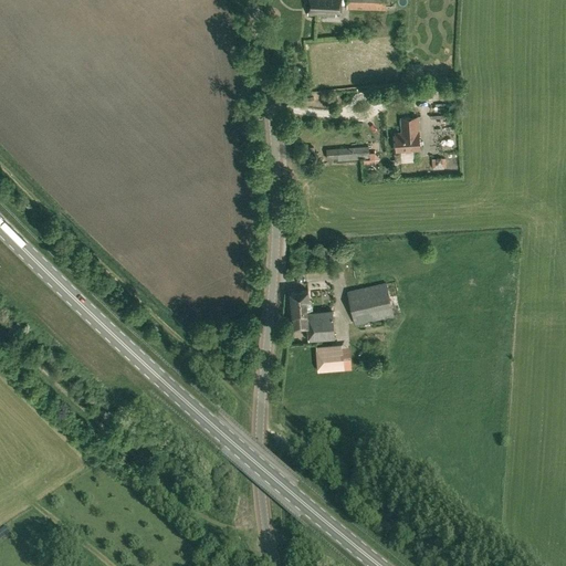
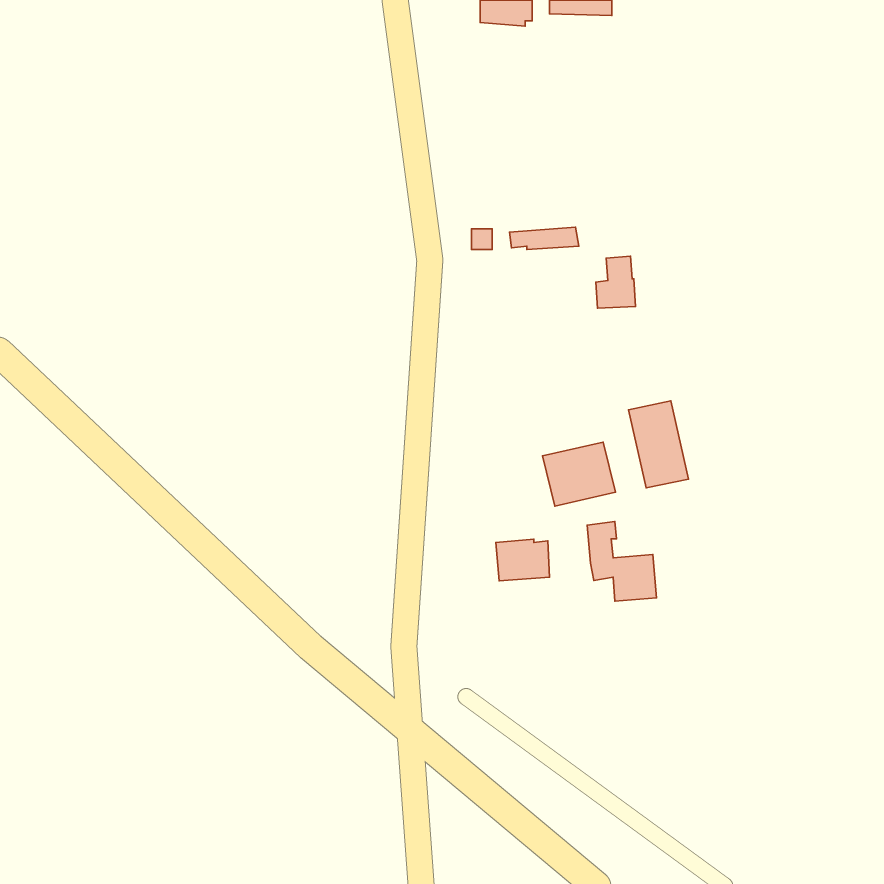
building: [394,117,419,150] -> [596,256,636,308]
building: none -> [628,401,689,488]
building: [290,290,334,340] -> [587,522,656,601]

